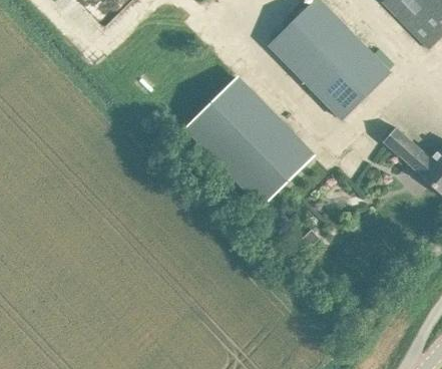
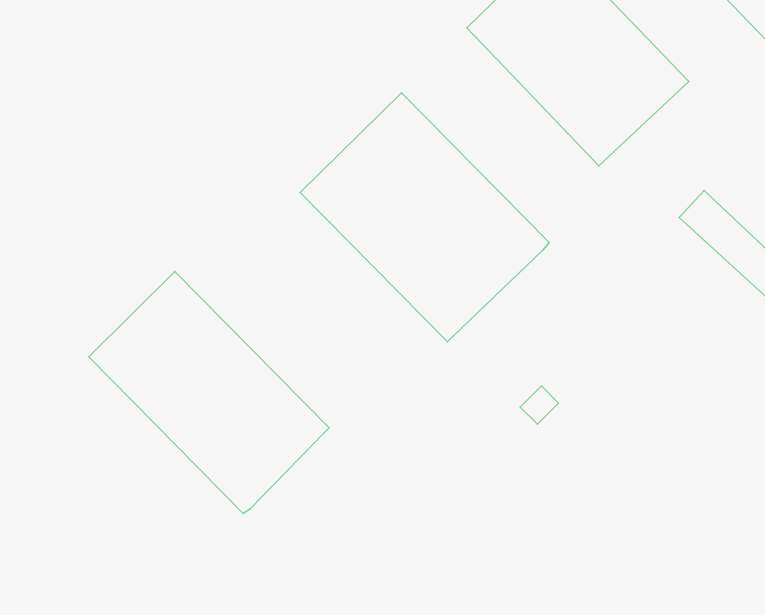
building: none -> [89,271,329,513]

